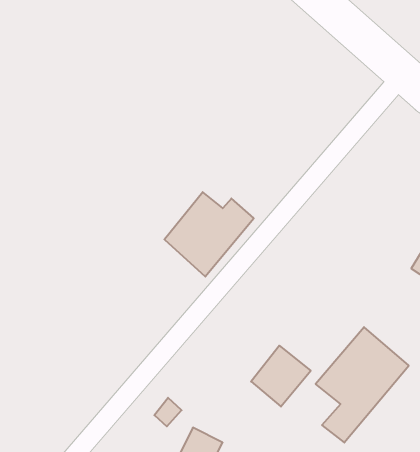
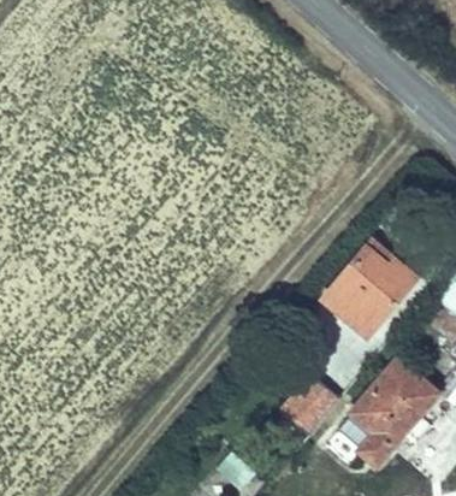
building: [164,192,254,277] -> [326,253,413,335]

